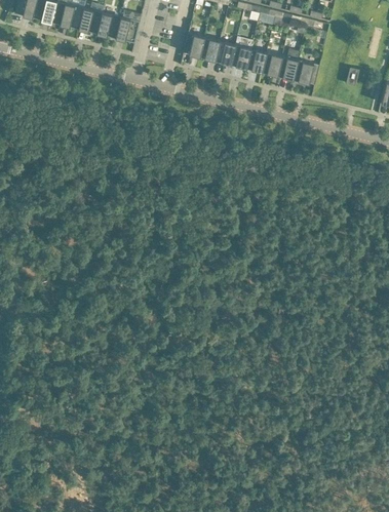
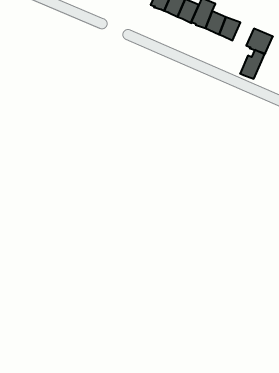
building: [280,50,303,81] -> [240,50,265,79]

